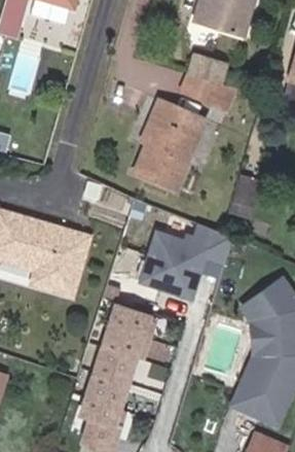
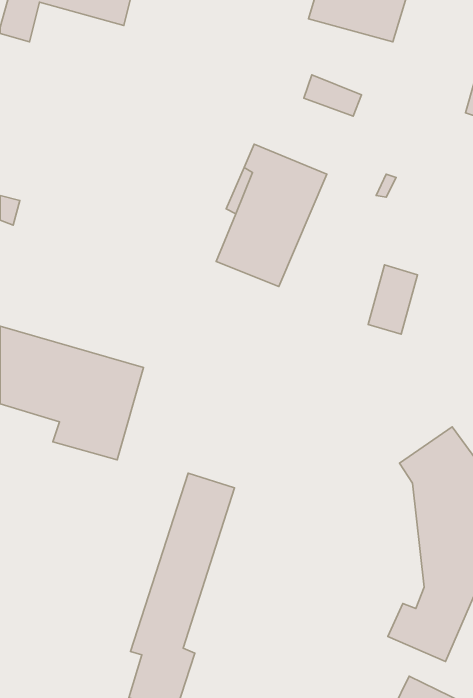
building: [181,70,233,109] -> none
building: [138,223,234,300] -> none

